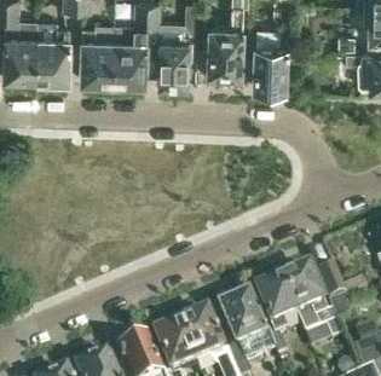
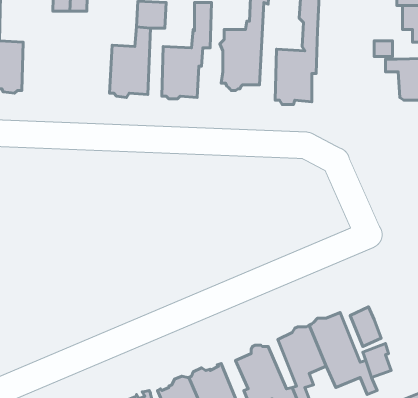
building: [36,22,69,82] -> none
building: [80,25,115,85] -> none

